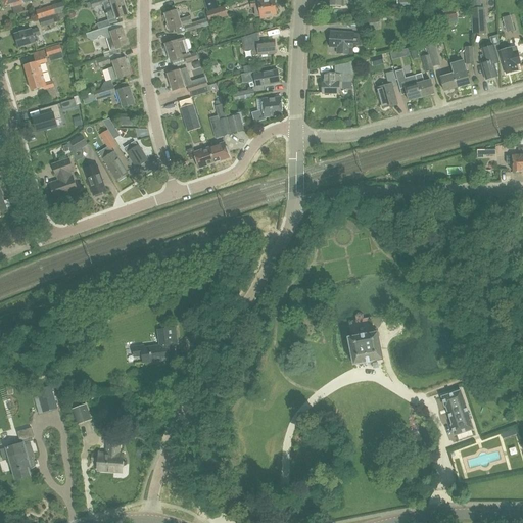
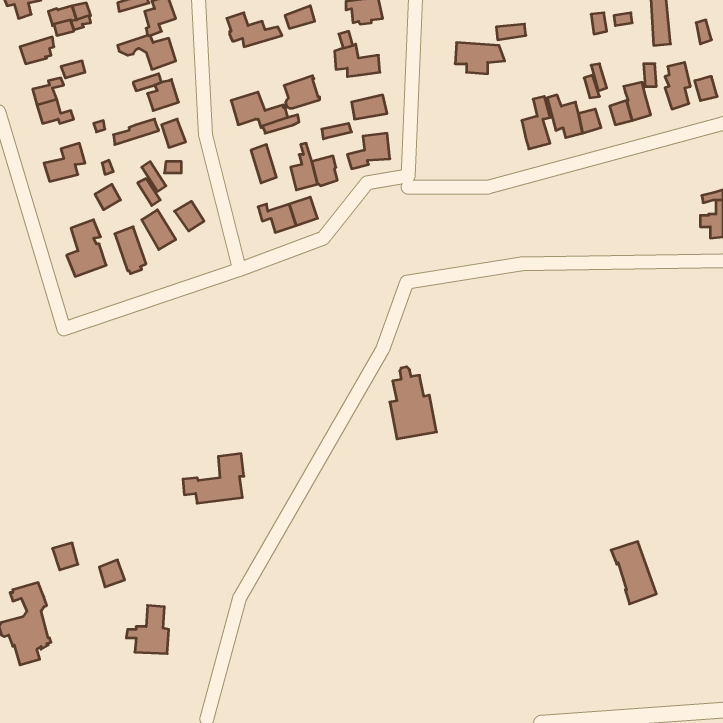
building: [163,37,189,60] -> [284,76,320,108]
building: [321,59,352,92] -> none
building: [347,312,381,364] -> [390,367,437,439]

